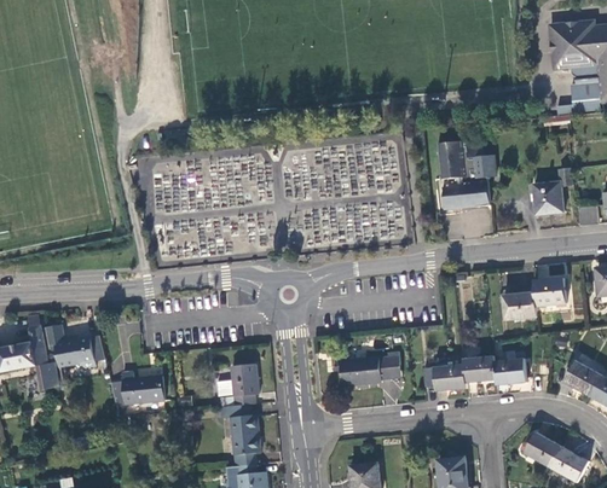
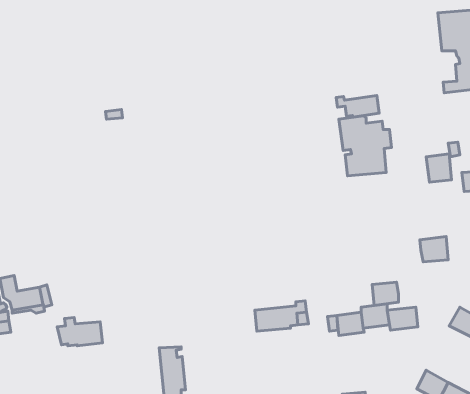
building: none -> [336,96,379,117]
building: [502,294,532,320] -> [372,282,398,305]
building: [214,366,256,407] -> none

